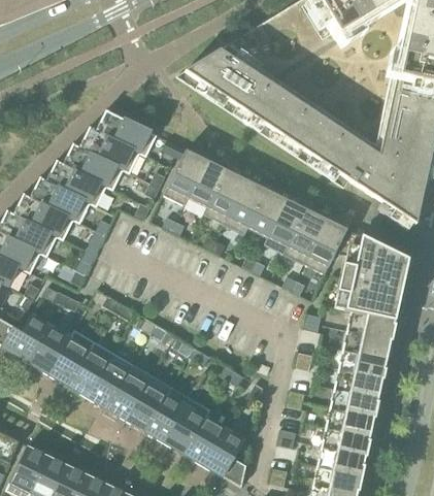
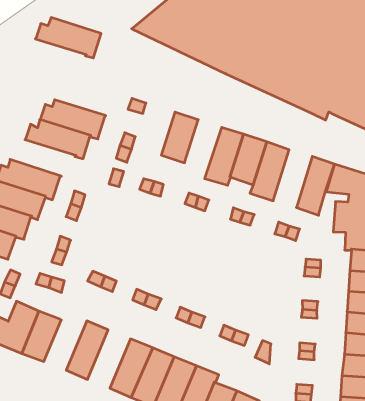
building: [95,113,157,157] -> [35,18,101,58]
building: [163,150,205,205] -> none
building: [45,164,107,207] -> none
building: [203,169,246,225] -> none
building: [285,209,327,264] -> none
building: [49,329,95,385] -> none
building: [88,353,133,407] -> none

